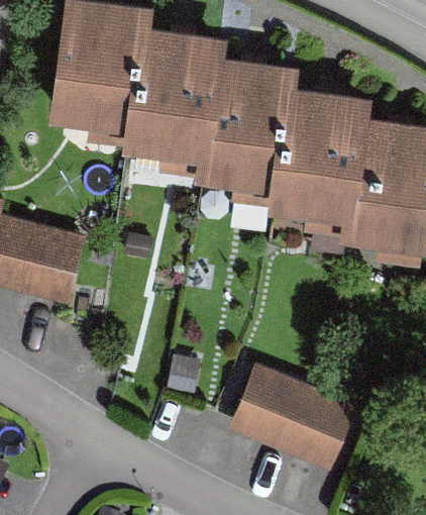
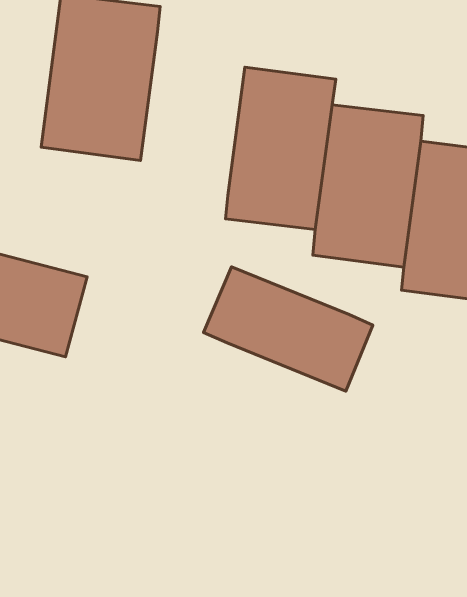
building: [128,31,221,168] -> none
building: none -> [204,267,373,391]
building: [227,362,357,470] -> none

